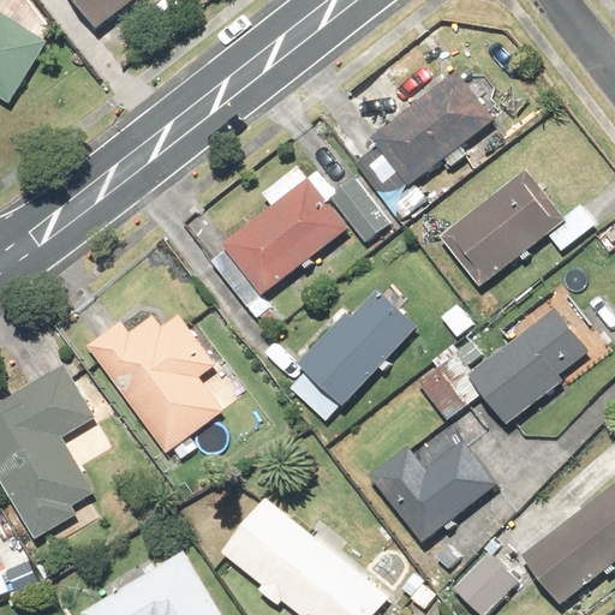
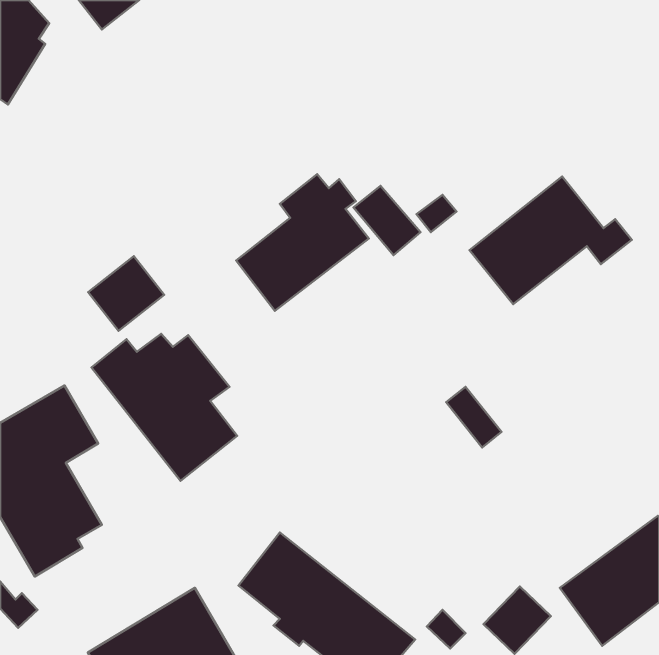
building: [351,66,497,197] -> none
building: none -> [88,256,164,331]
building: [286,289,417,426] -> none
building: [470,309,578,429] -> none
building: [370,442,491,538] -> none

